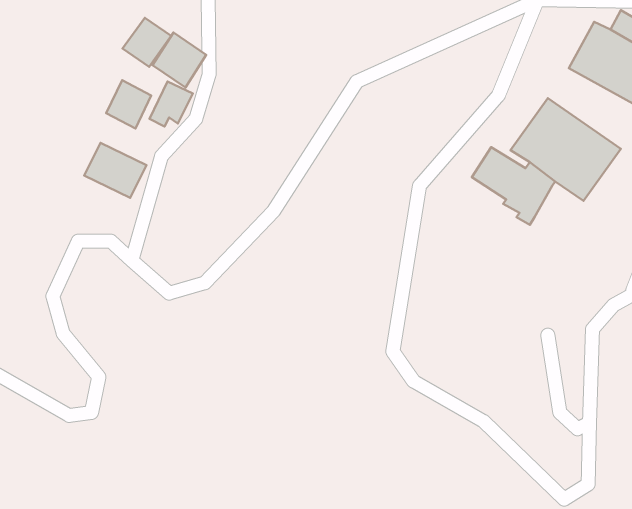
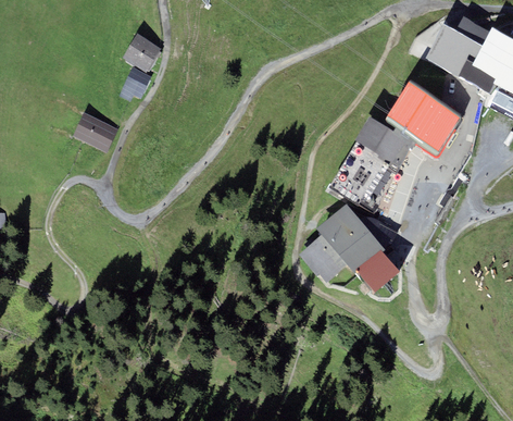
building: [122,18,171,67] -> none
building: [106,80,151,128] -> none
building: none -> [298,203,400,292]

